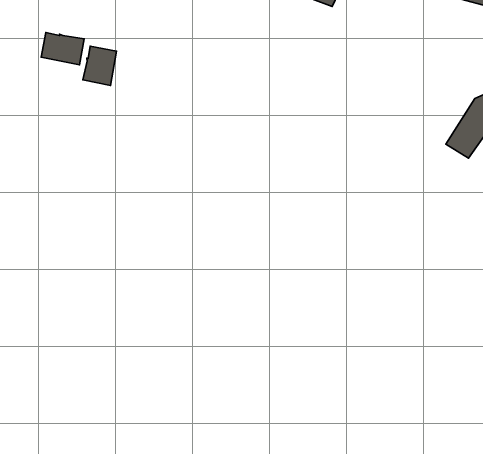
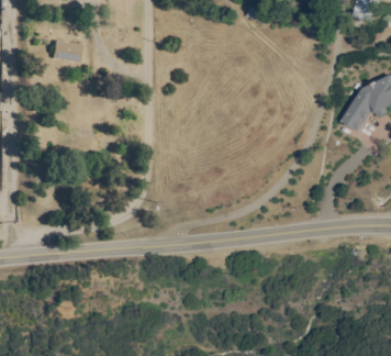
building: [83,46,116,85] -> none

